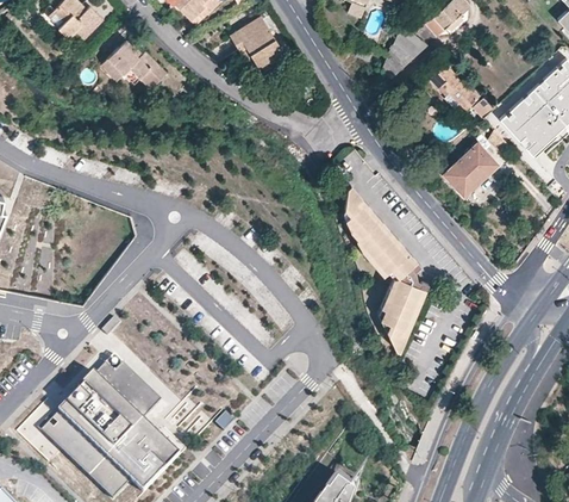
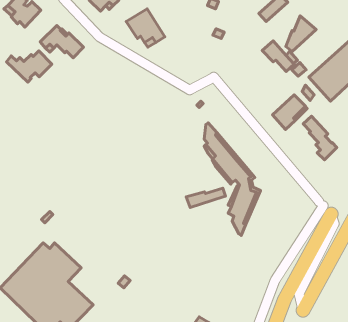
building: [381,25,426,78] -> [286,16,316,51]
building: none -> [7,51,52,82]
building: none -> [303,116,337,160]
building: none -> [186,188,225,207]

